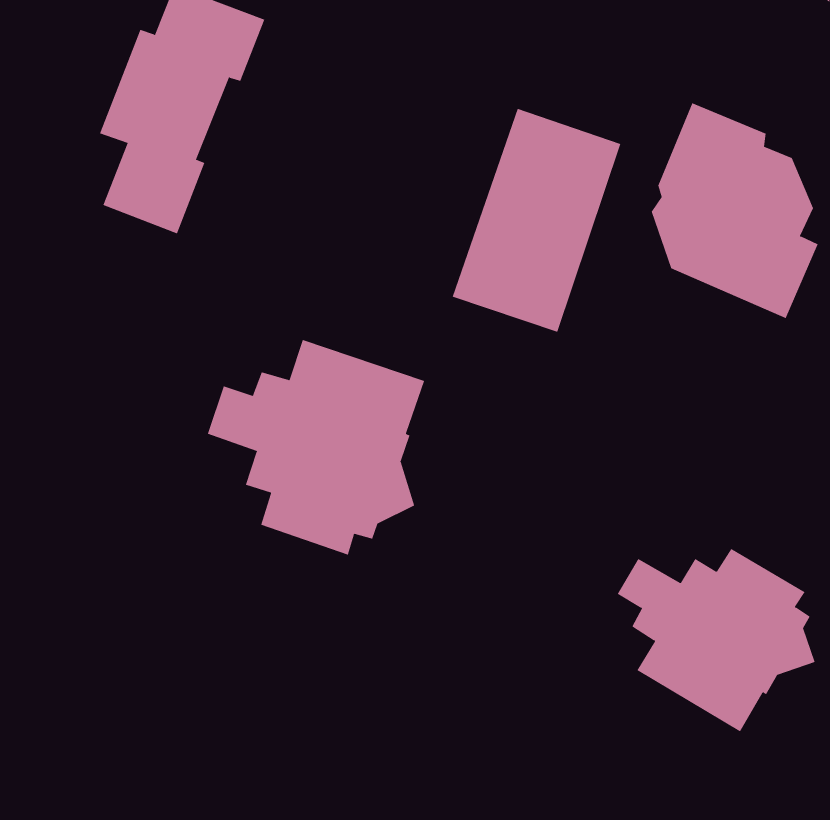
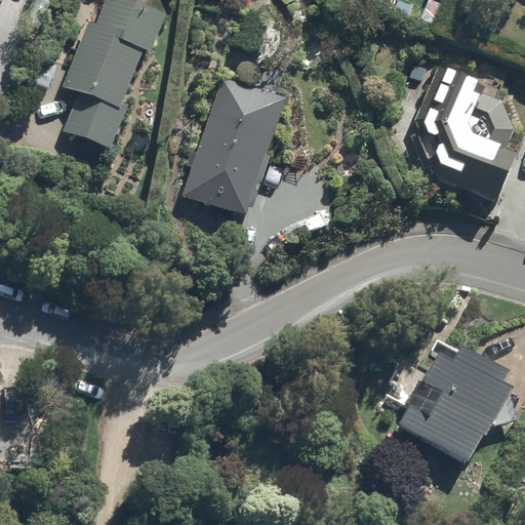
building: [452,108,621,333] -> [180,74,287,215]
building: [207,339,425,555] -> none

